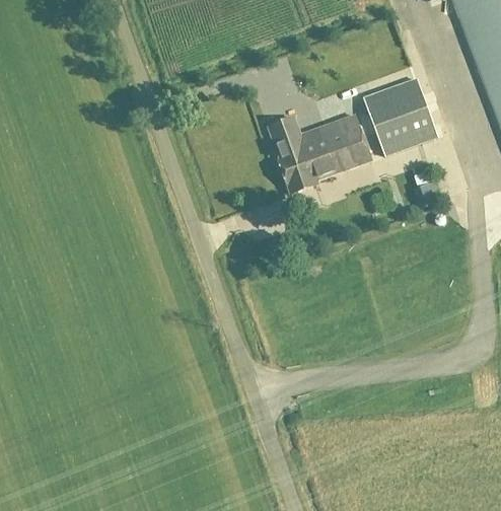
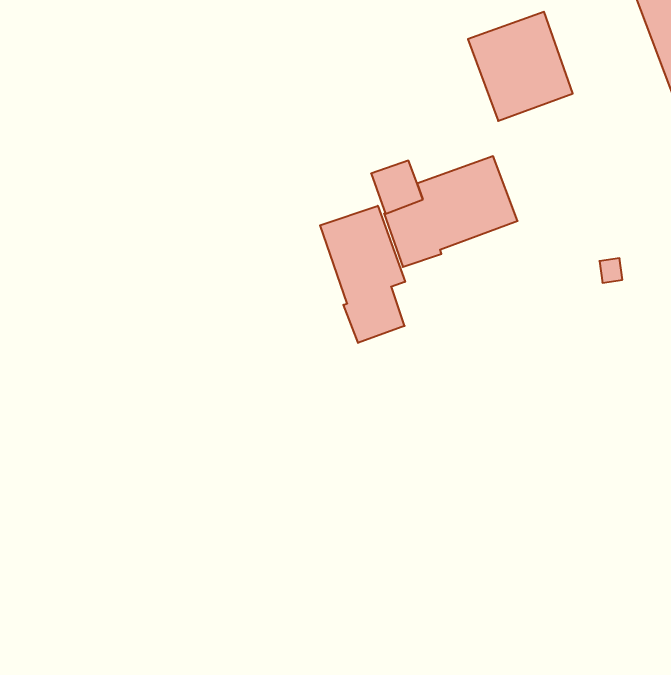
building: [363,77,437,154] -> [468,12,573,121]
building: none -> [320,206,405,343]

